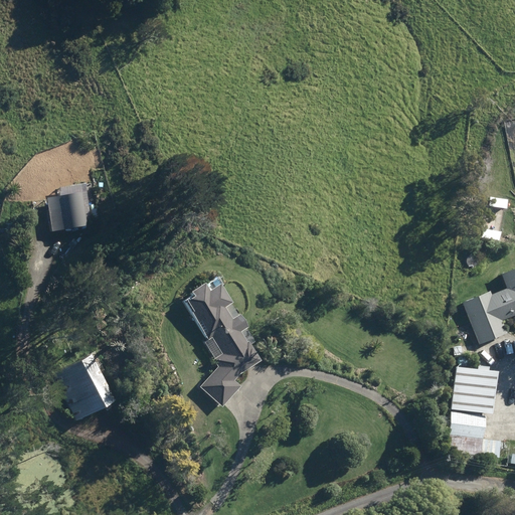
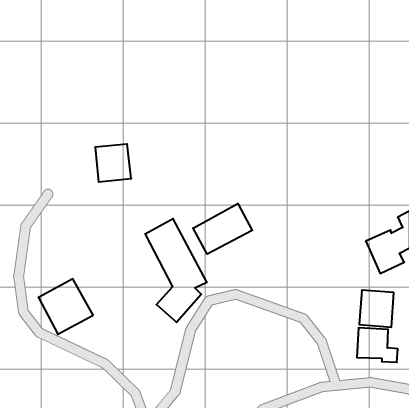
building: [51,185,97,232] -> [95,144,131,182]
building: none -> [193,204,252,254]

